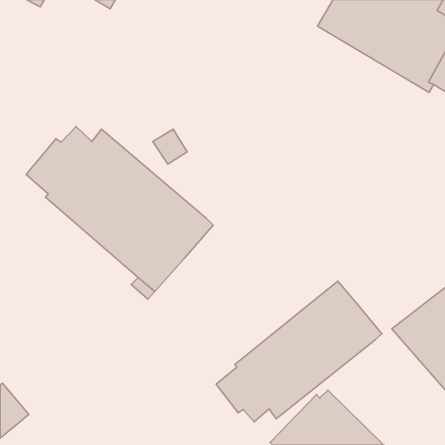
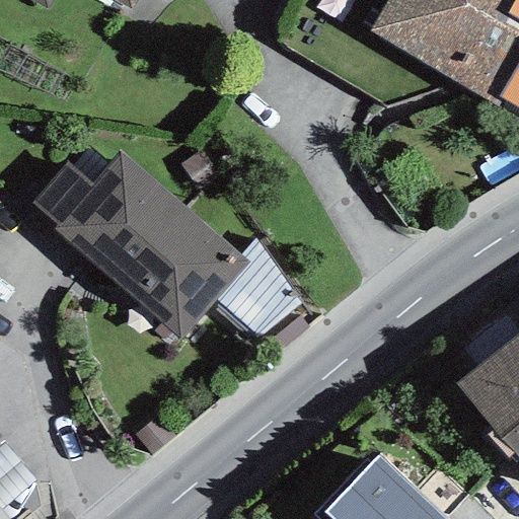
building: none -> [216,238,303,338]
building: [216,281,382,422] -> none

